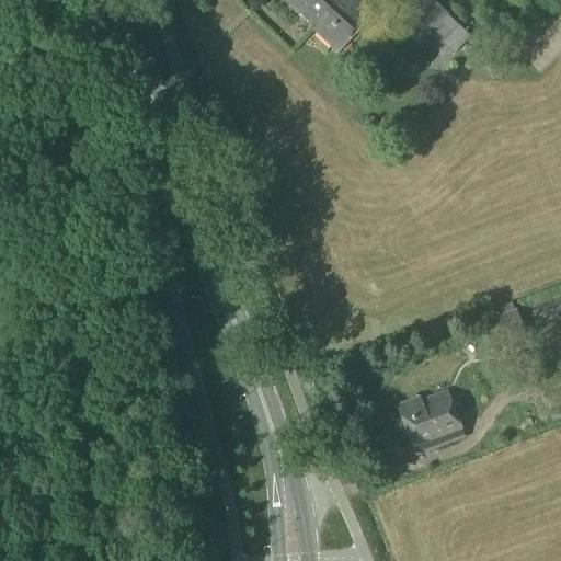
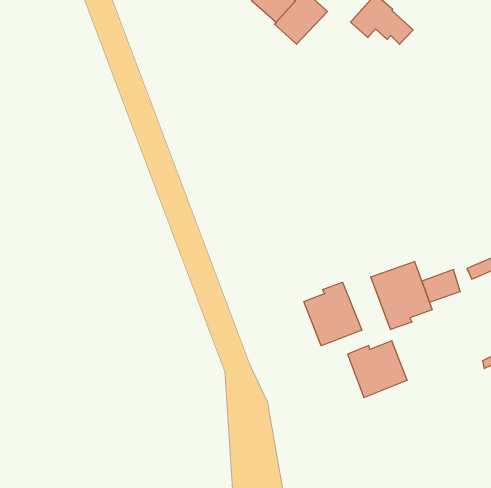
building: none -> [371,261,432,329]
building: none -> [304,282,362,346]

